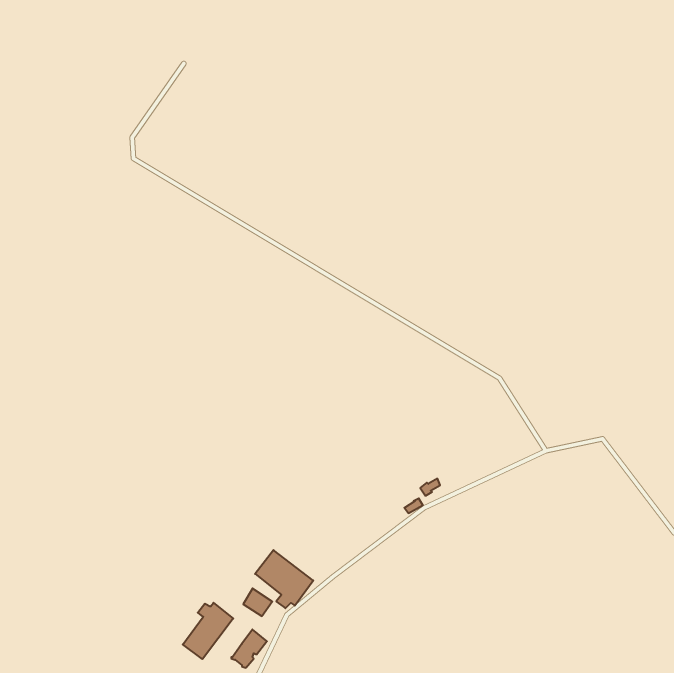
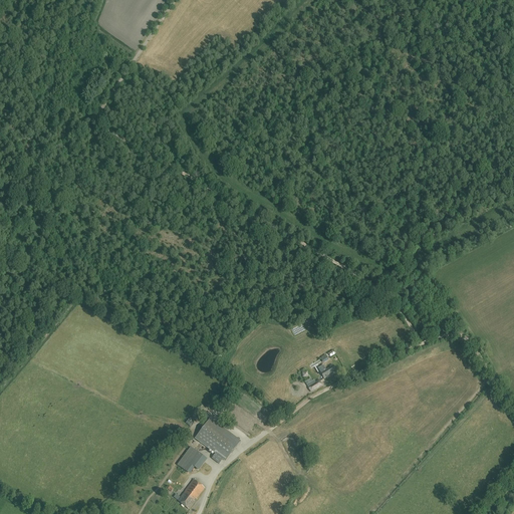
building: [183,603,233,659] -> none

